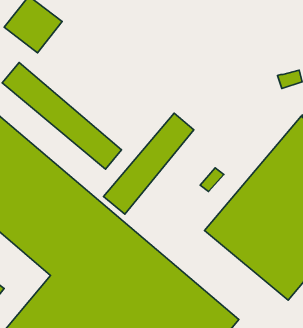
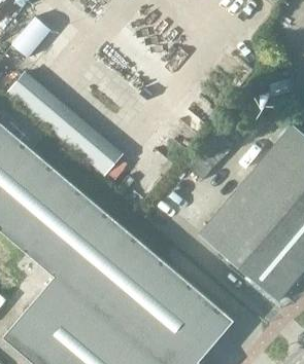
building: [104,113,194,214] -> none

